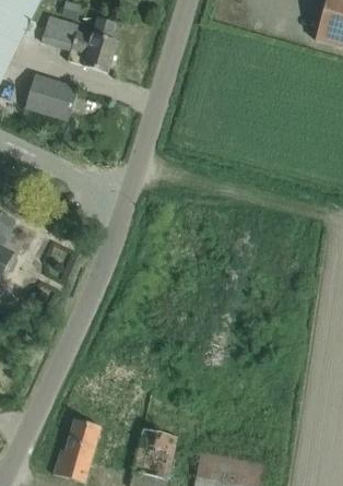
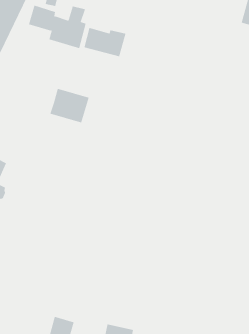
building: none -> [84,27,126,57]
building: [25,74,76,119] -> [50,88,89,123]

